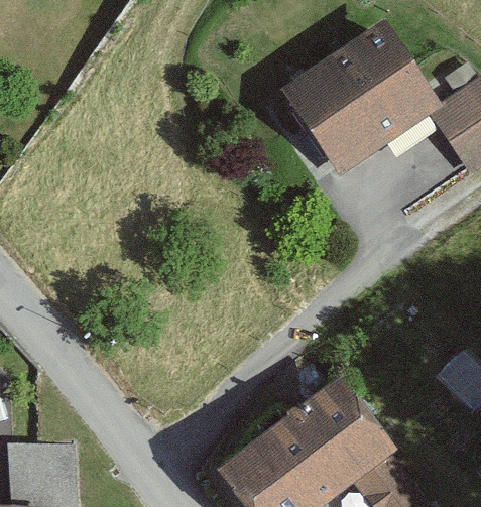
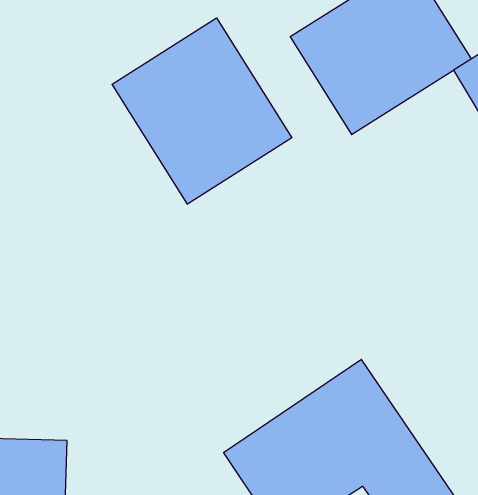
building: none -> [112,18,292,204]

